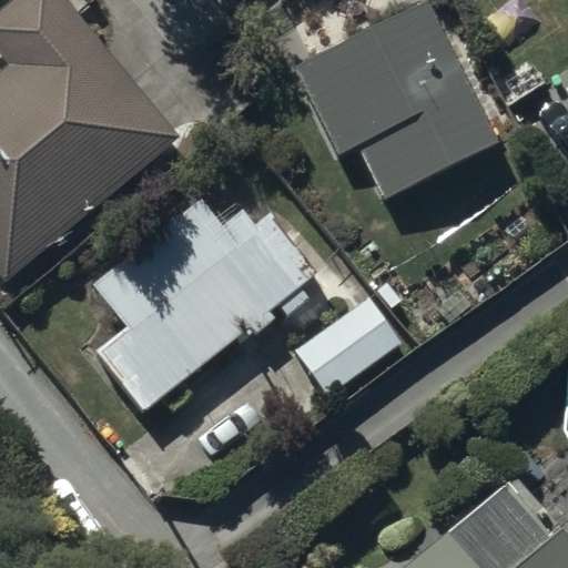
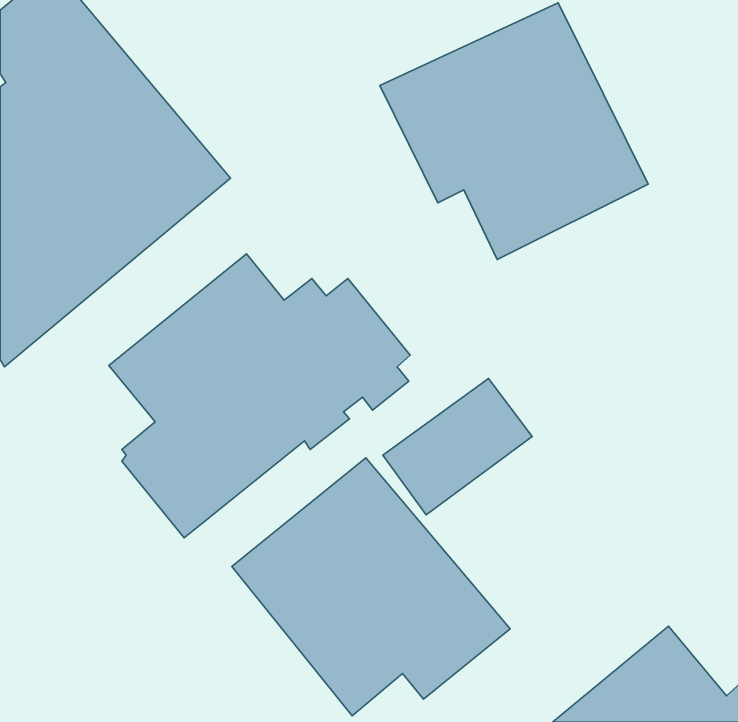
building: none -> [232,458,510,716]

